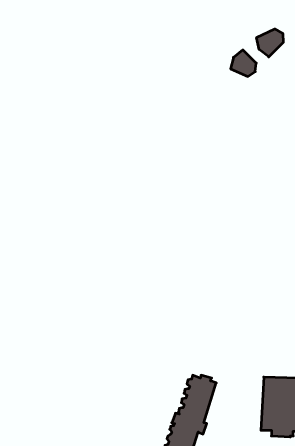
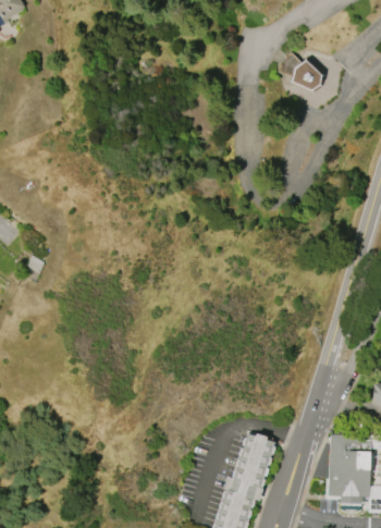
building: [257,29,283,57] -> none

